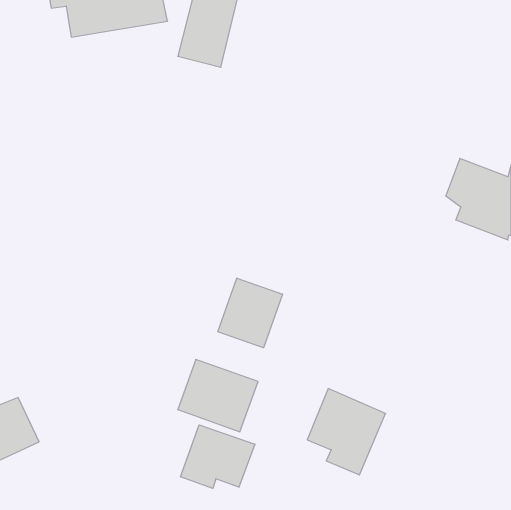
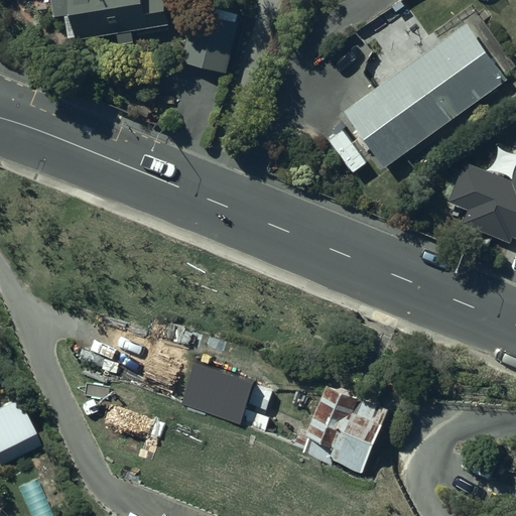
building: none -> [346,24,507,167]
building: [218,278,283,348] -> none
building: [181,425,255,488] -> none

